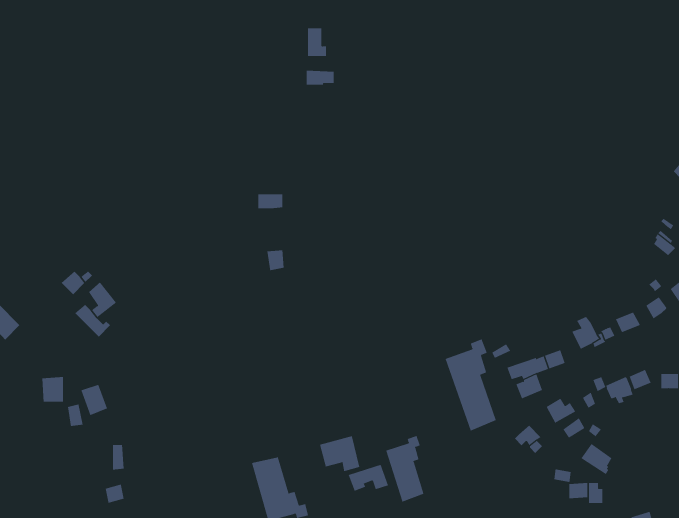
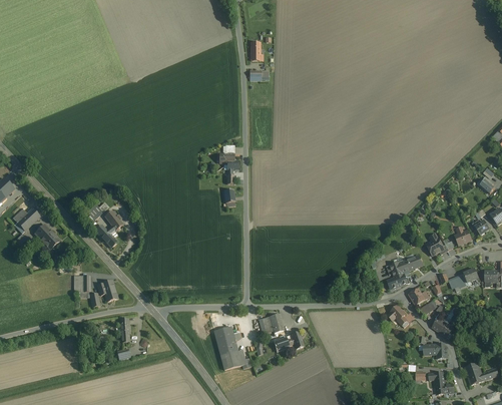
building: [445,338,496,432] -> none
building: [386,435,424,503] -> none

